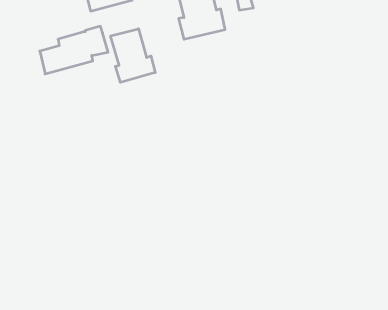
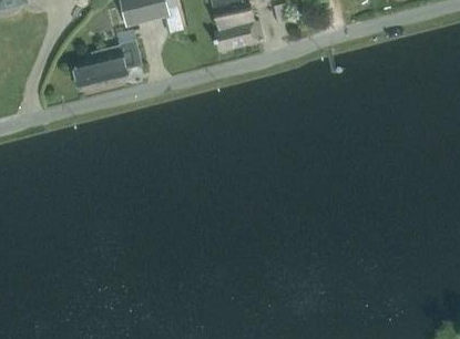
building: [111,29,155,82] -> none

